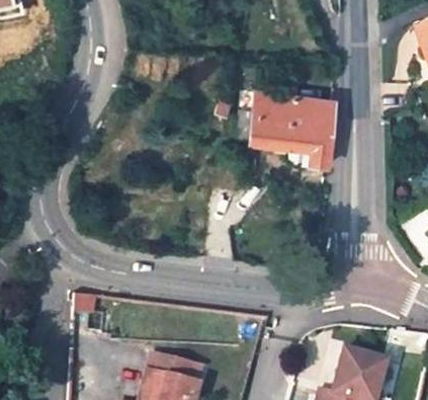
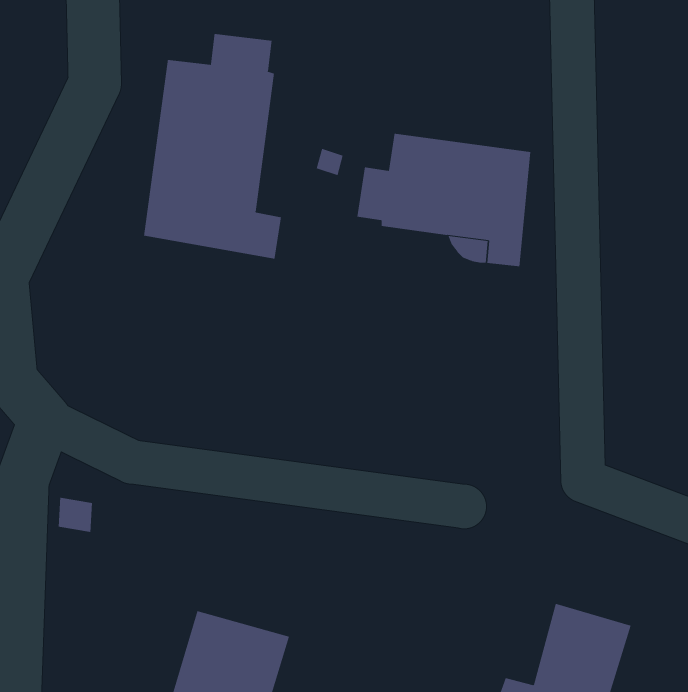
building: none -> [144,33,281,259]

